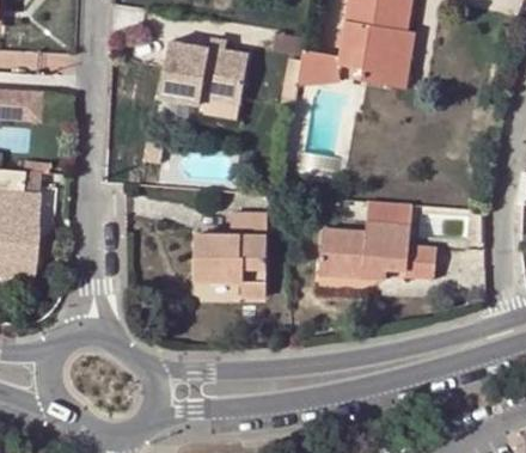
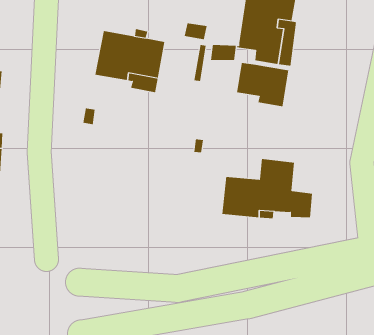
building: none -> [236,62,289,107]
building: [195,214,267,299] -> none

